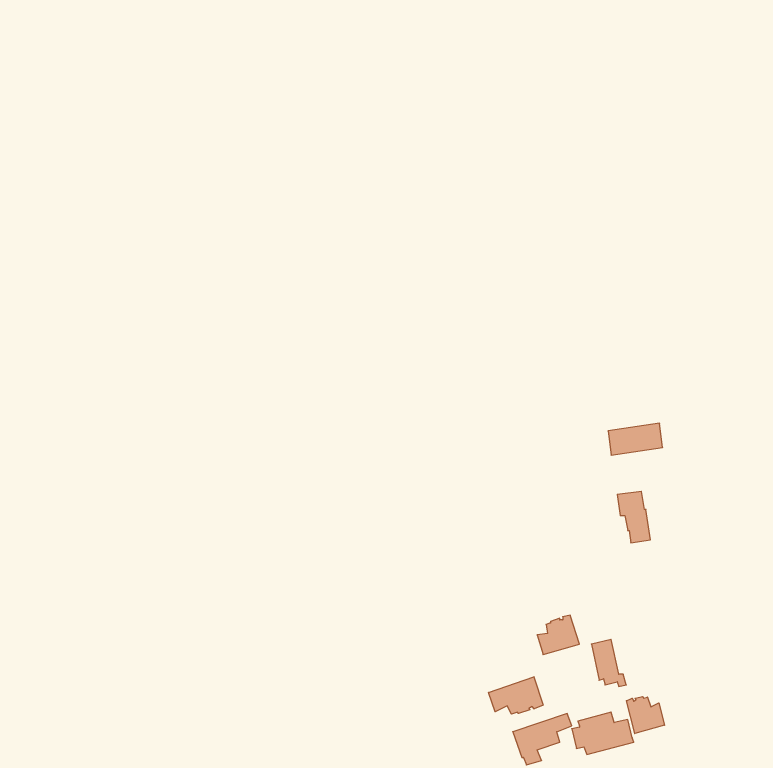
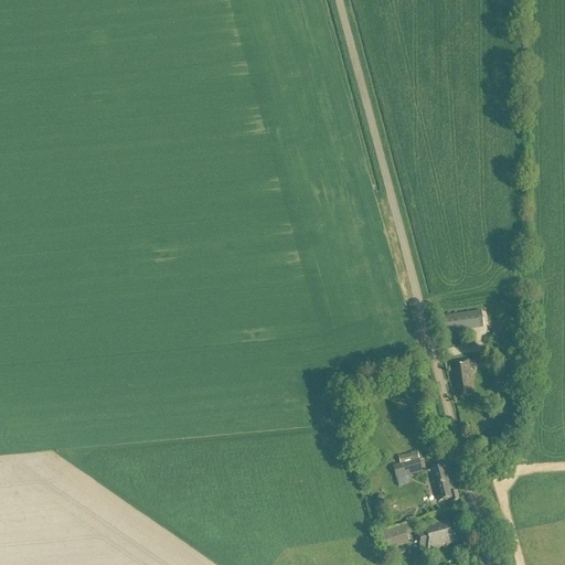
building: [489,677,543,714] -> none
building: [626,697,665,734] -> none

